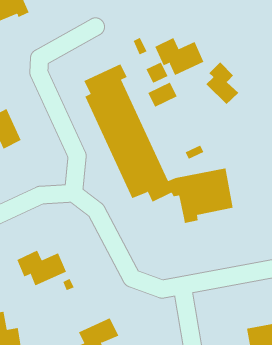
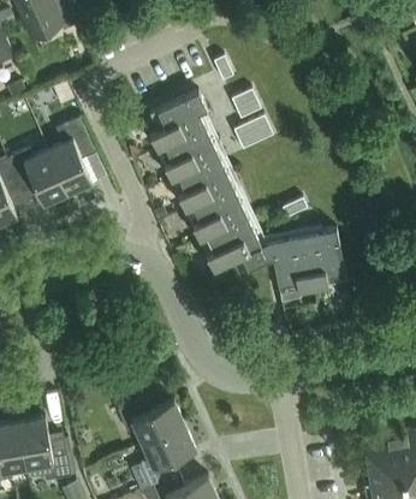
building: [154,37,204,76] -> none
building: [205,62,239,105] -> none
building: none -> [48,118,95,192]
building: [16,250,67,286] -> [118,397,184,445]

